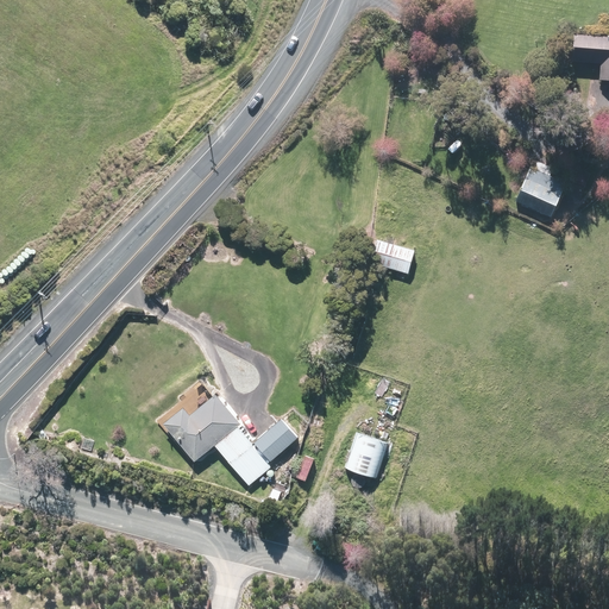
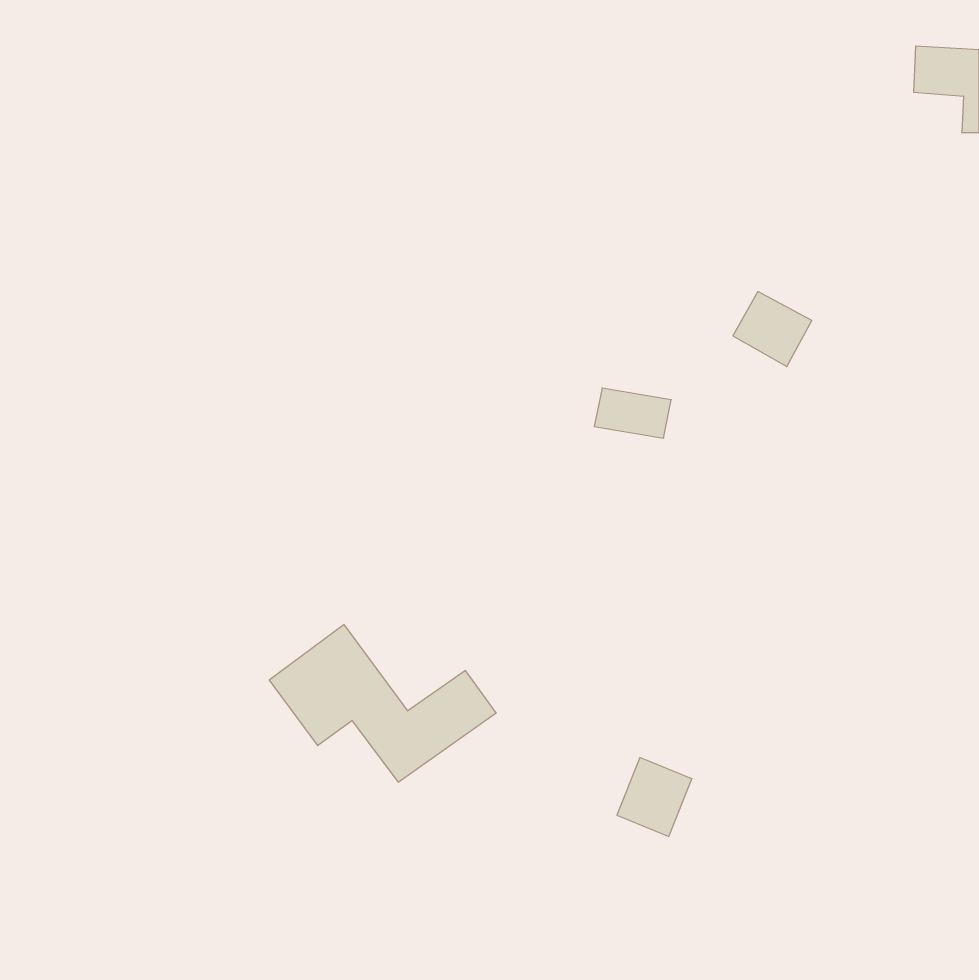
building: [509,174,558,220] -> [733,292,812,367]
building: [344,429,390,478] -> [617,758,692,836]

